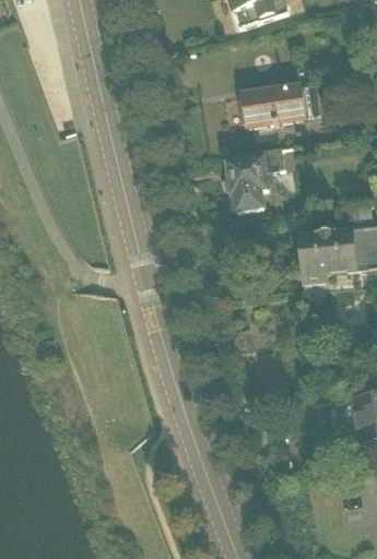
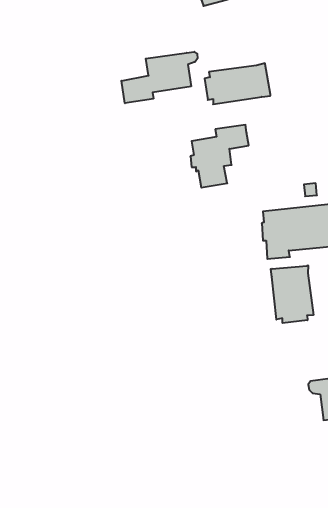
building: none -> [121,52,197,103]
building: none -> [271,265,313,323]

